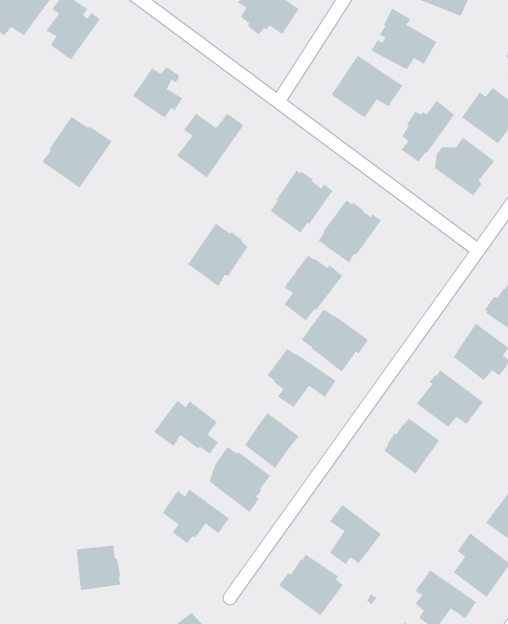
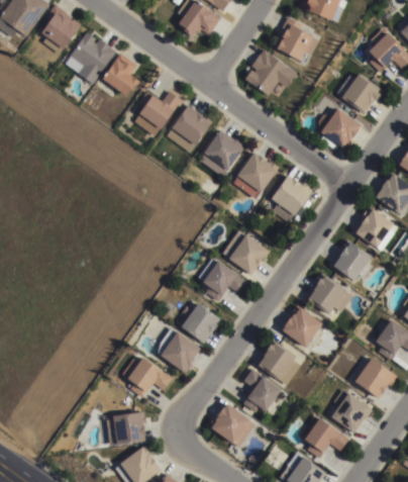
building: [401,100,455,162] -> none
building: [42,116,112,188] -> [65,31,115,83]
building: [187,223,248,287] -> [167,106,210,152]
building: [284,255,343,321] -> [272,175,314,222]
building: [154,400,219,455] -> none
building: none -> [254,340,299,385]
building: [76,545,121,590] -> [113,413,145,446]

